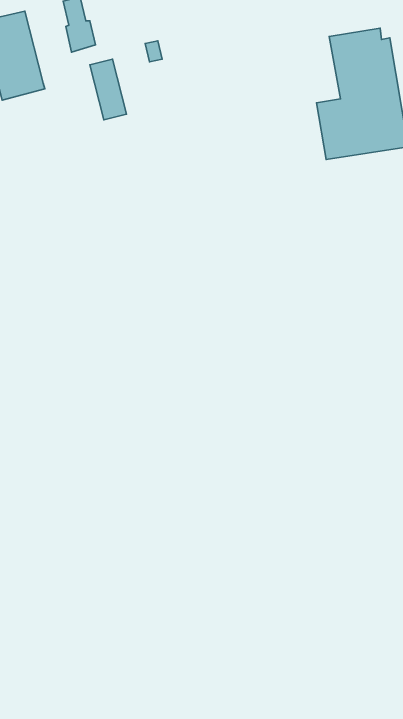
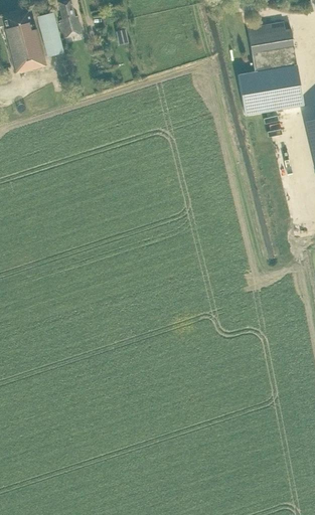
building: [90,59,127,120] -> [36,12,62,55]

